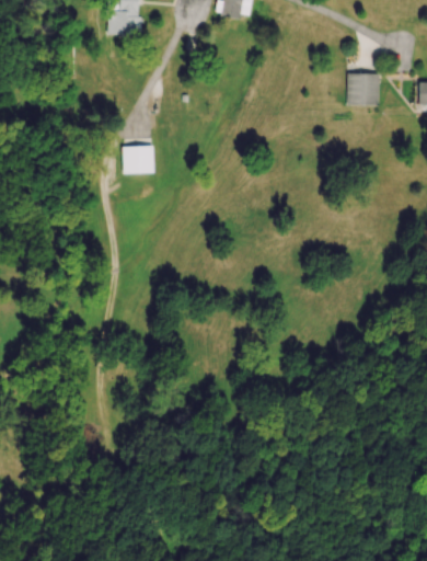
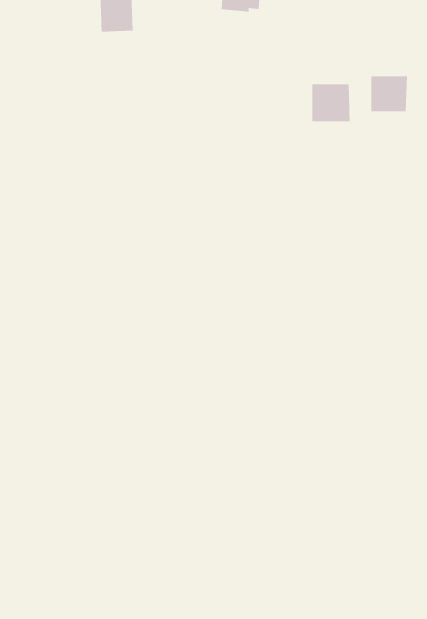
building: none -> [312,84,350,122]
building: [123,146,154,173] -> none

